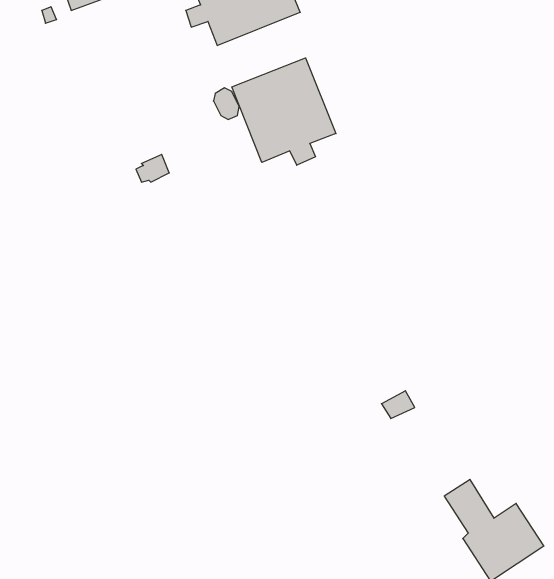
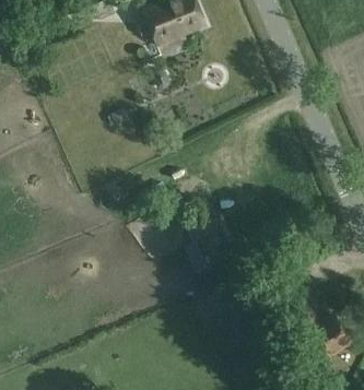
building: [232,58,336,165] -> none

